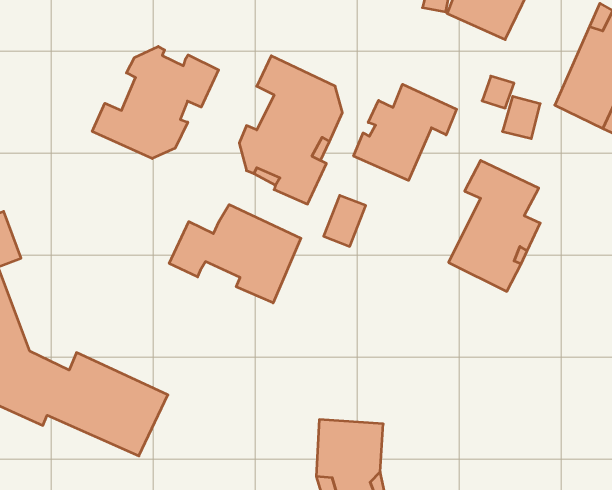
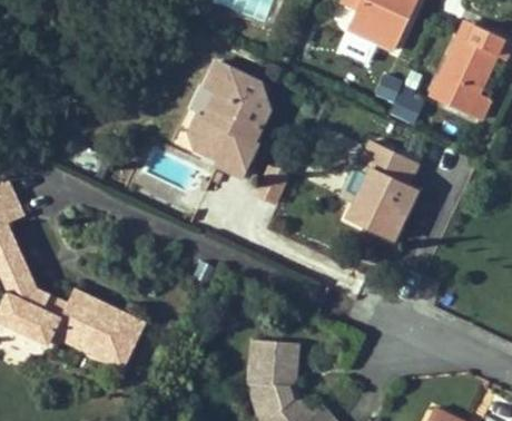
building: [92,46,219,159] -> none
building: [354,84,457,180] -> none
building: [169,205,301,303] -> none

